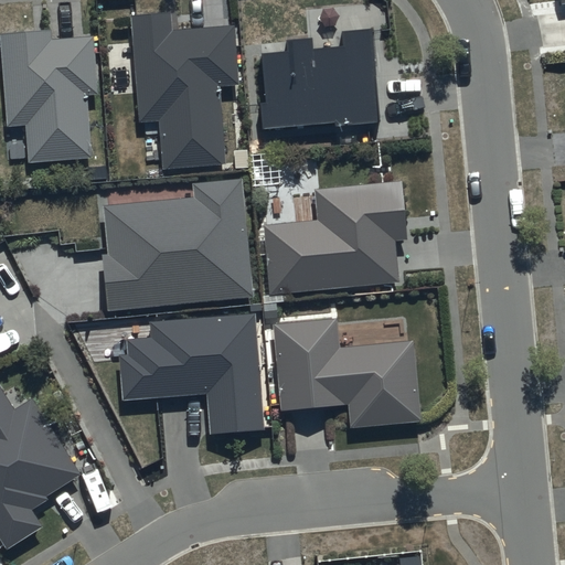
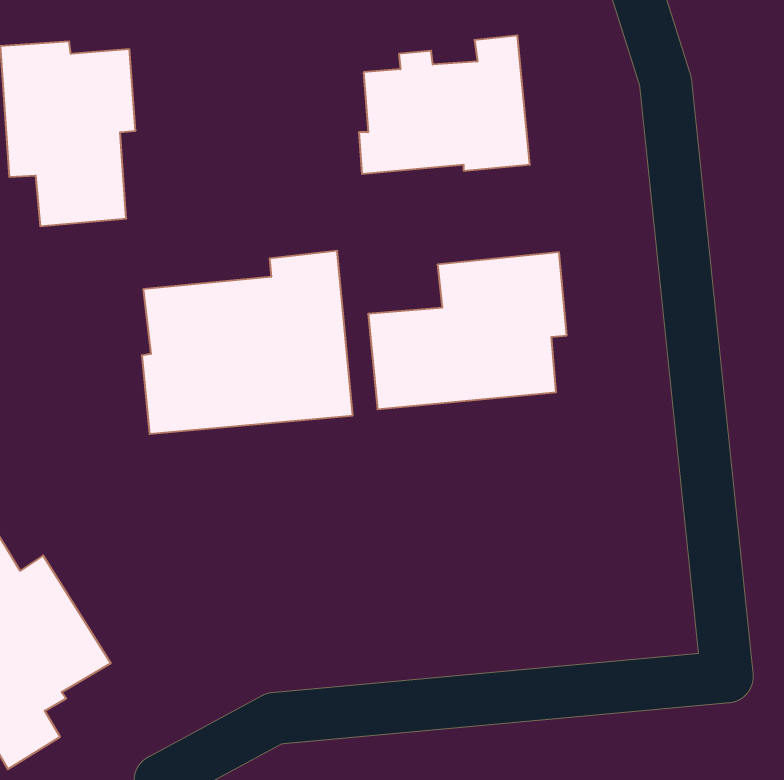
building: [130,12,238,169] -> none
building: [118,315,263,435] -> none
building: [271,319,420,428] -> none

